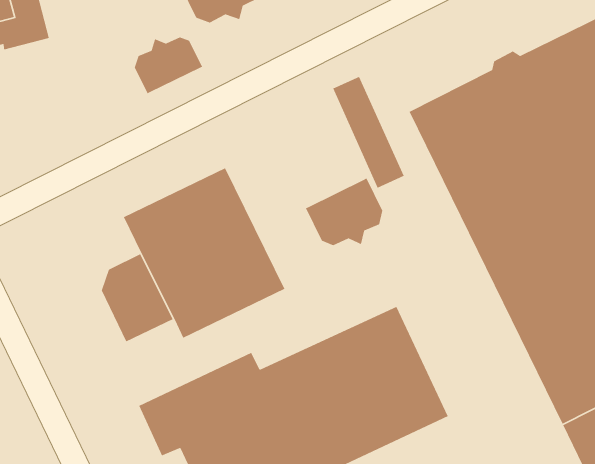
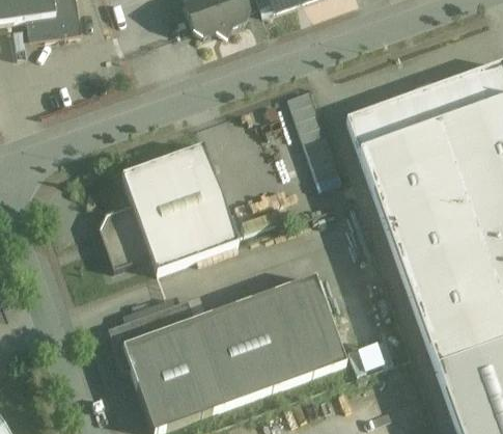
building: [134,36,203,95] -> none
building: [305,177,383,246] -> none

